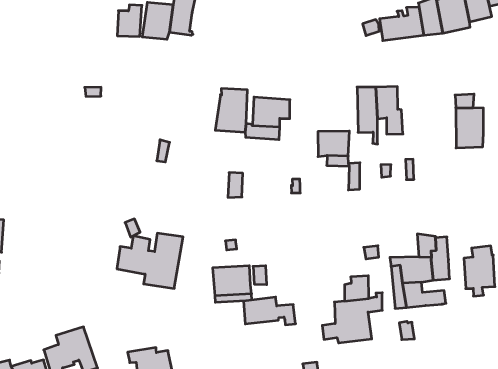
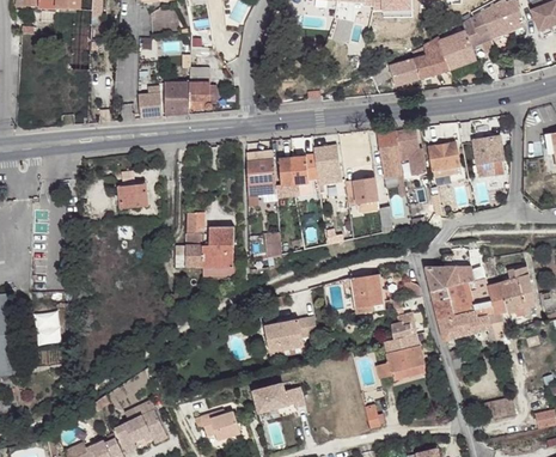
building: none -> [312,145,341,184]
building: none -> [118,184,147,208]
building: none -> [428,140,462,178]
building: none -> [424,254,458,292]
building: none -> [349,274,384,315]
building: [117,233,183,288] -> [175,227,233,278]
building: none -> [464,282,507,321]
building: [244,297,296,325] -> [252,383,305,413]

